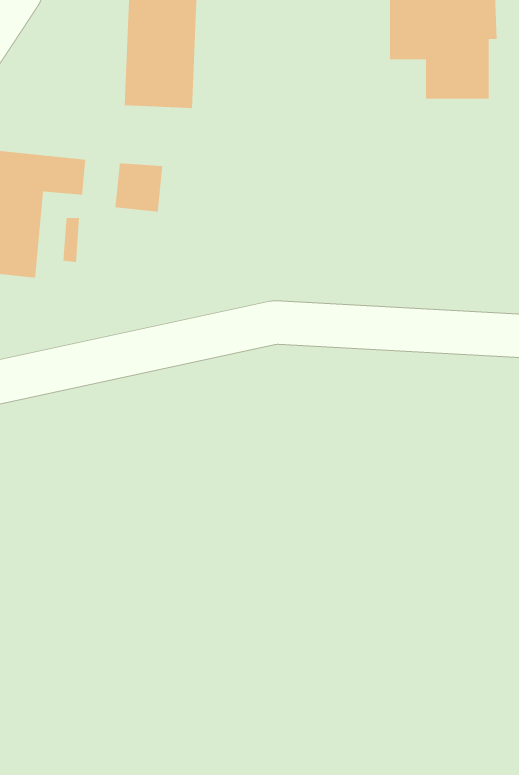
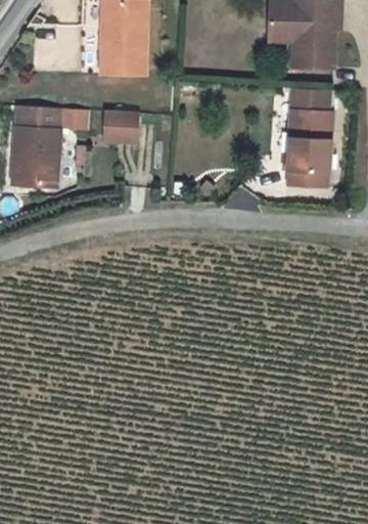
building: none -> [289,92,334,178]

